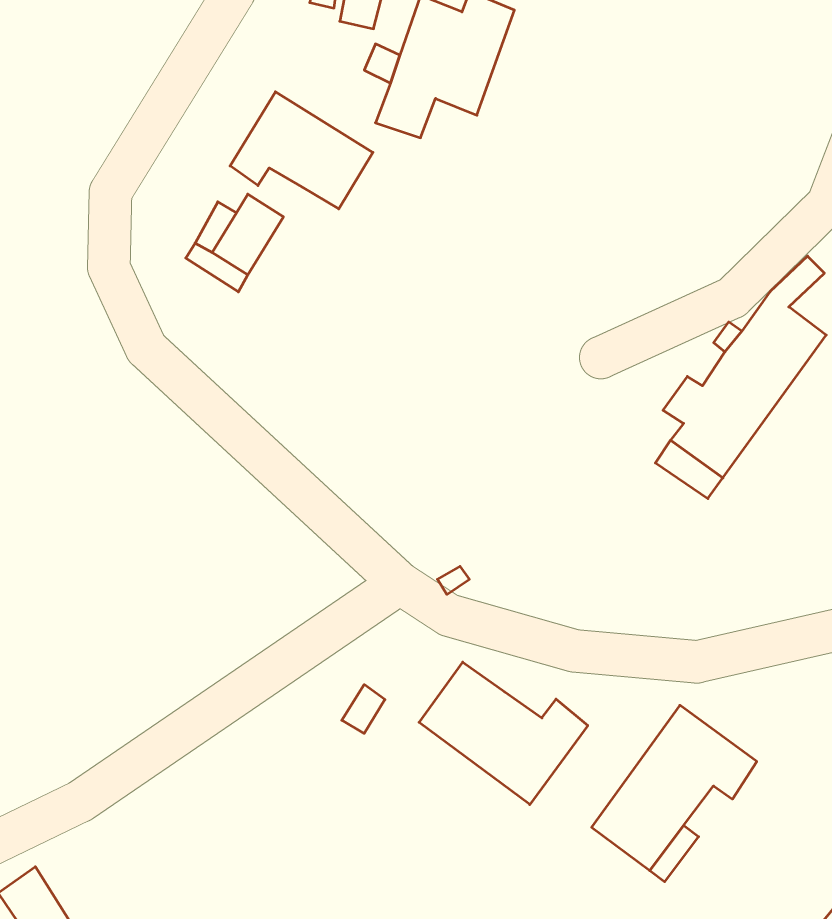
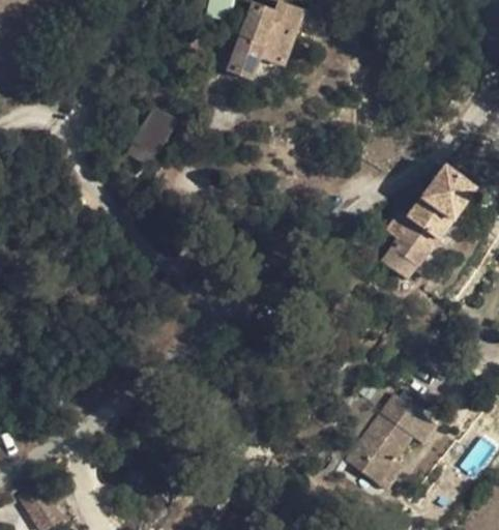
building: [230,92,373,209] -> none
building: [419,662,588,805] -> none

